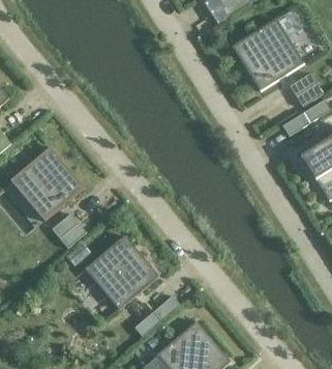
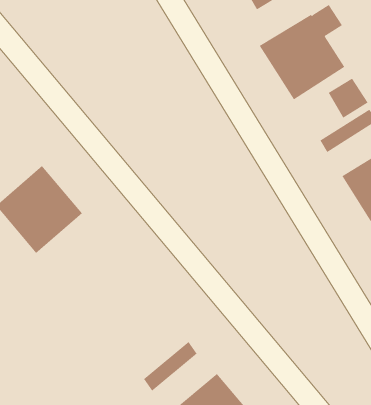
building: [51,212,86,248] -> none
building: [84,235,157,309] -> none

